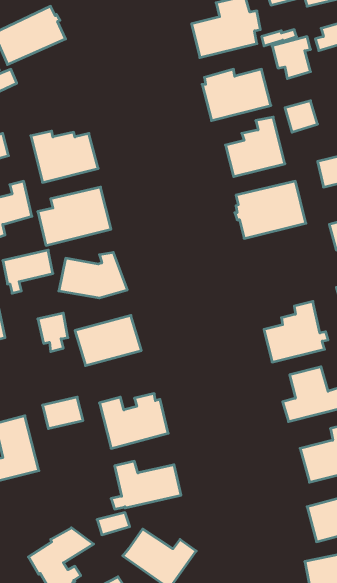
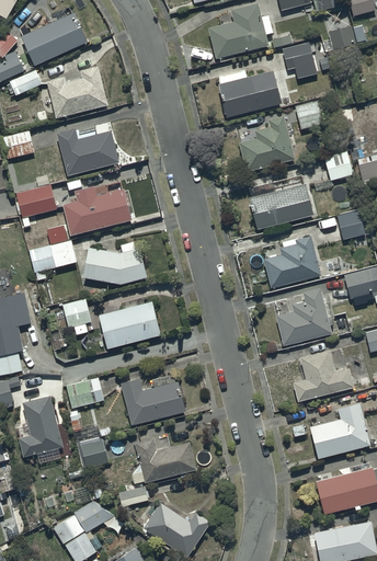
building: none -> [47,66,107,118]
building: none -> [263,234,320,287]
building: none -> [80,439,110,468]

